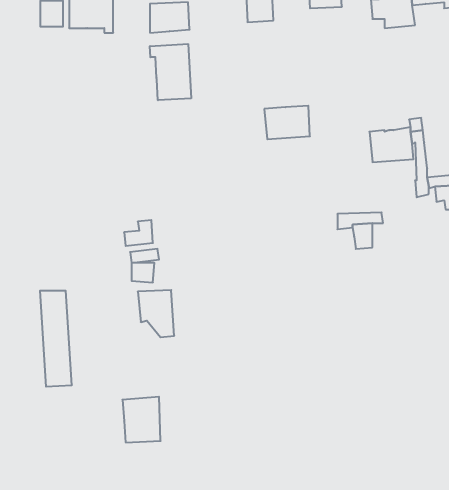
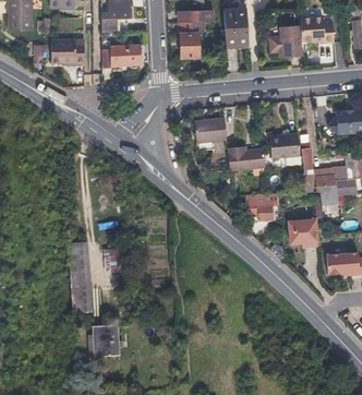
building: [150,44,191,100] -> none
building: none -> [227,146,264,169]
building: none -> [288,219,317,247]
building: [40,291,72,387] -> [68,243,90,312]

